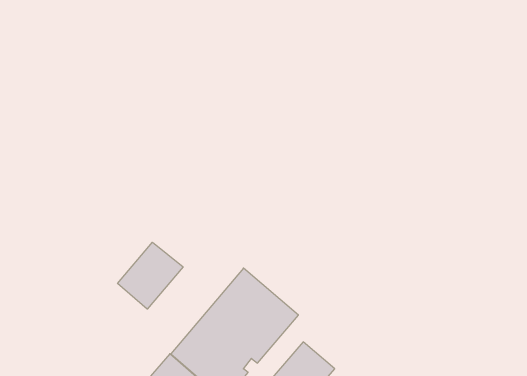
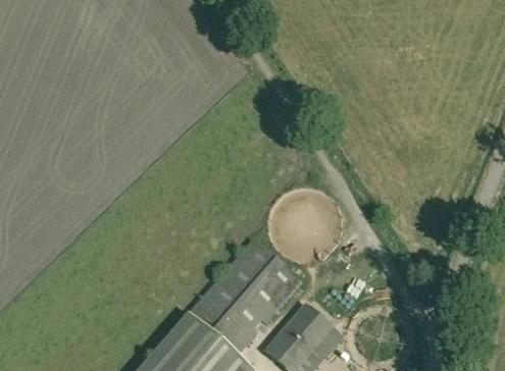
building: [118,242,183,309] -> none

